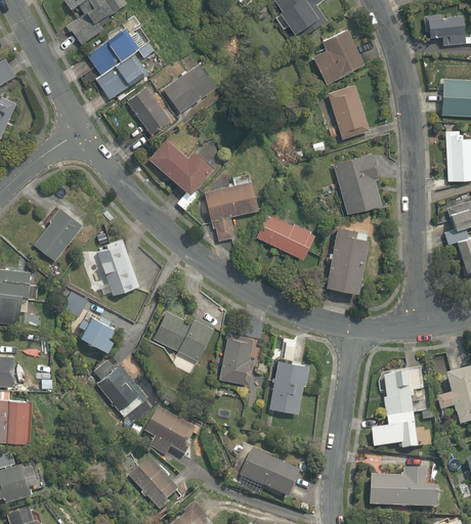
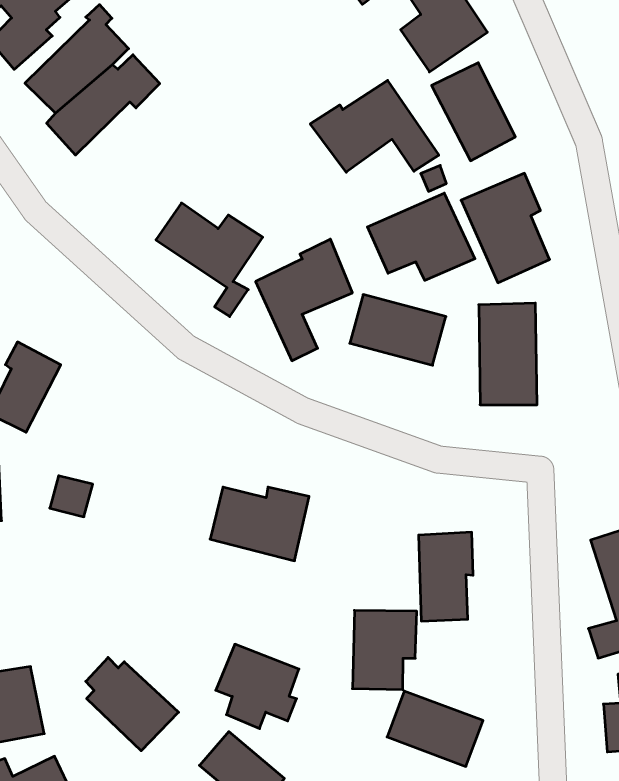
building: [163,63,214,111] -> none
building: none -> [310,80,439,172]
building: [125,87,170,137] -> none
building: none -> [367,193,475,280]
building: [95,235,139,296] -> none
building: [79,314,114,351] -> none
building: [219,333,264,384] -> [352,610,417,690]
building: [95,360,148,419] -> [86,657,179,751]

